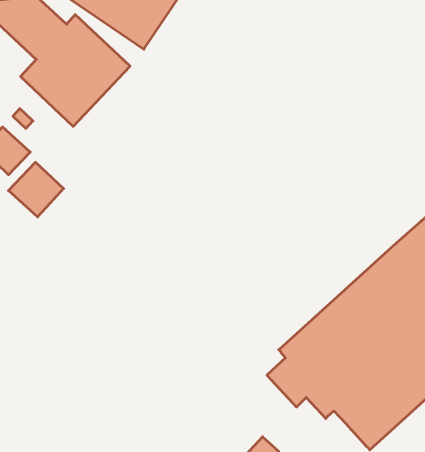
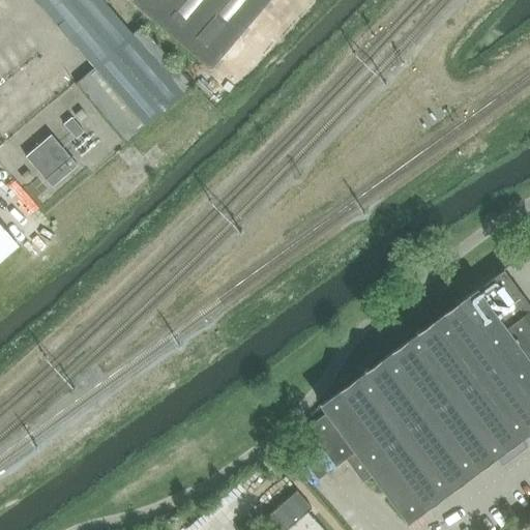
building: [8,162,64,217] -> none

